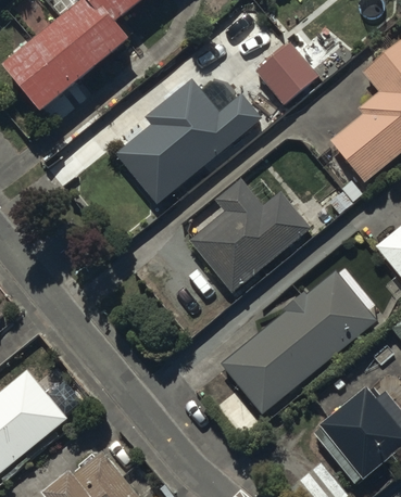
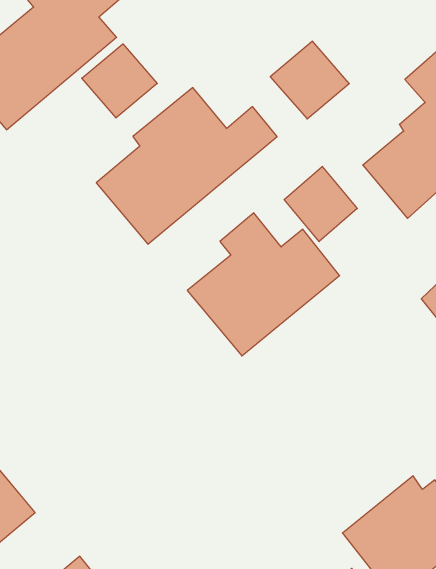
building: none -> [82,44,157,118]
building: none -> [284,166,357,242]
building: [220,270,375,413] -> none

